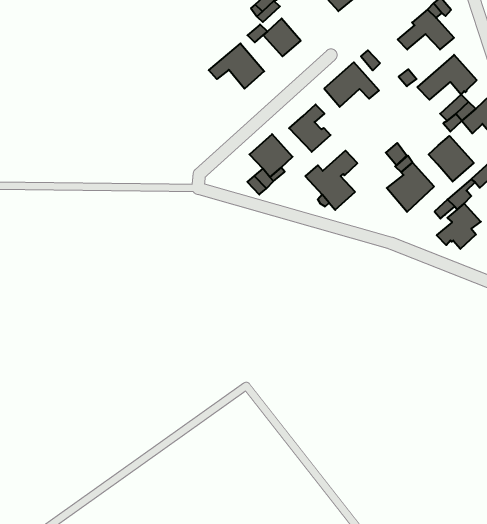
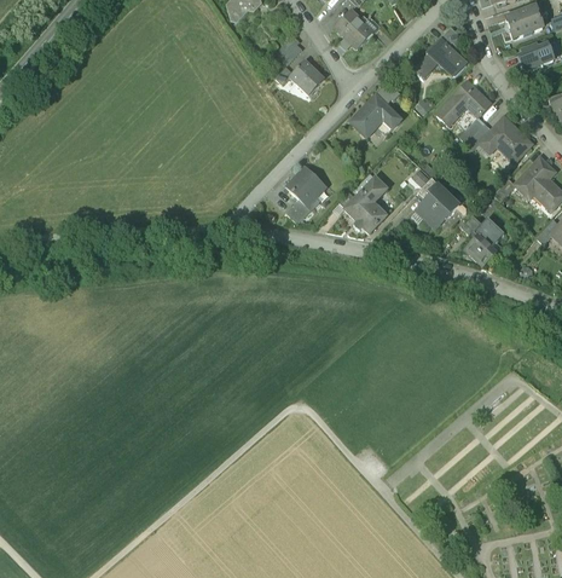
building: [209,43,264,89] -> none
building: [289,104,331,152] -> none
building: [429,136,474,182] -> none

